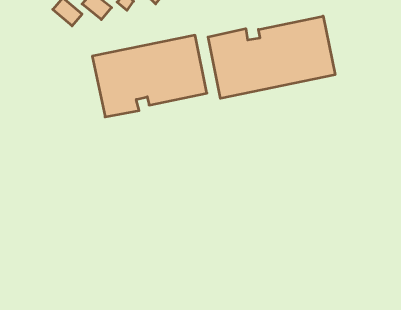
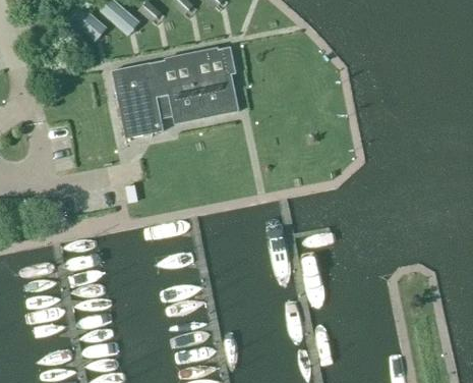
building: [208,16,335,98] -> none

